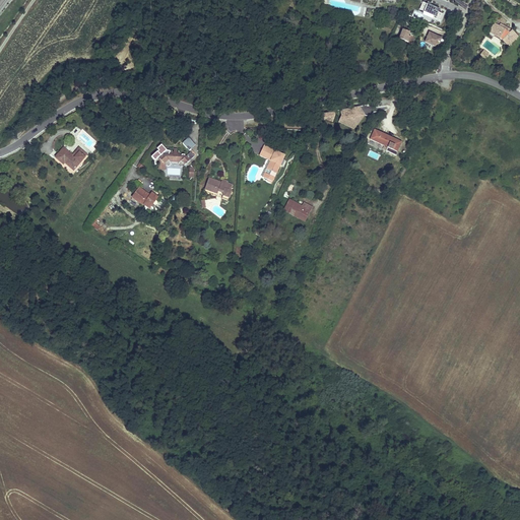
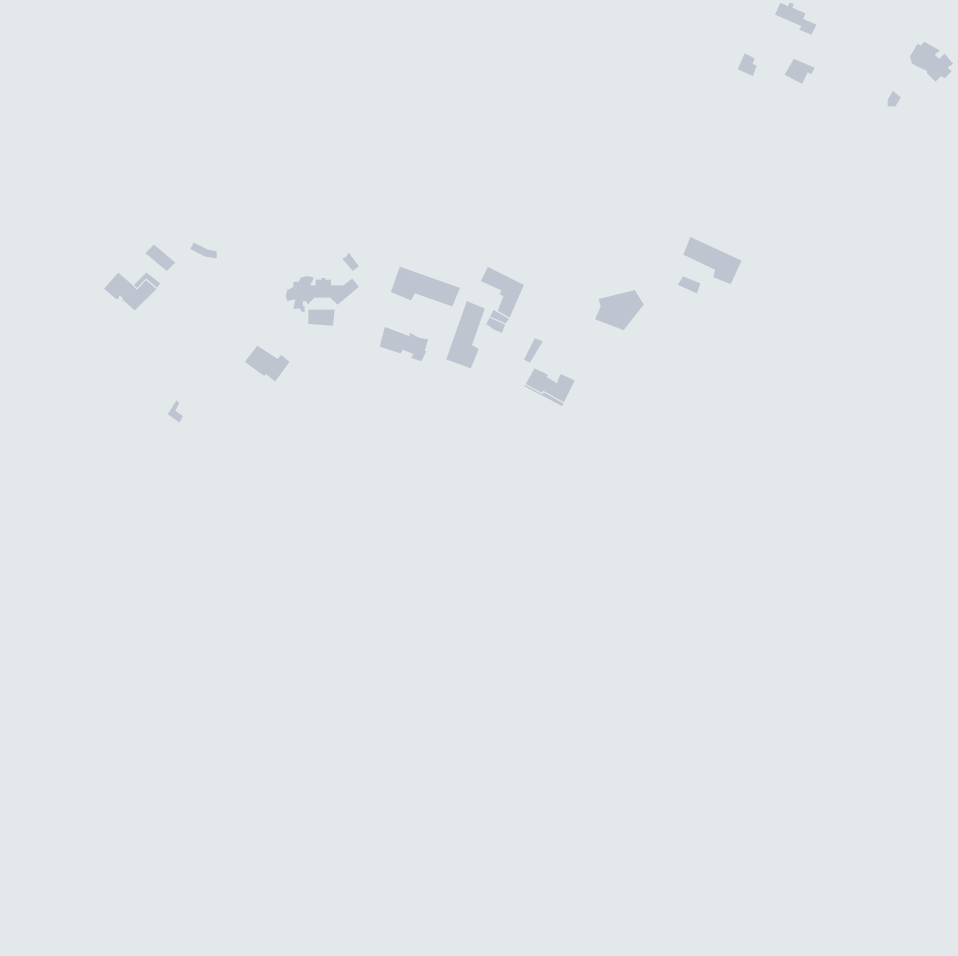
building: [338,106,366,128] -> [594,290,645,331]
building: none -> [390,266,461,307]
building: none -> [445,300,485,369]

